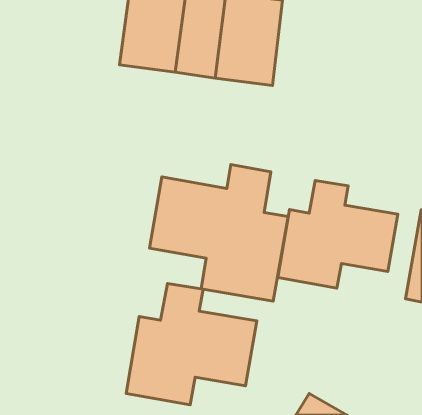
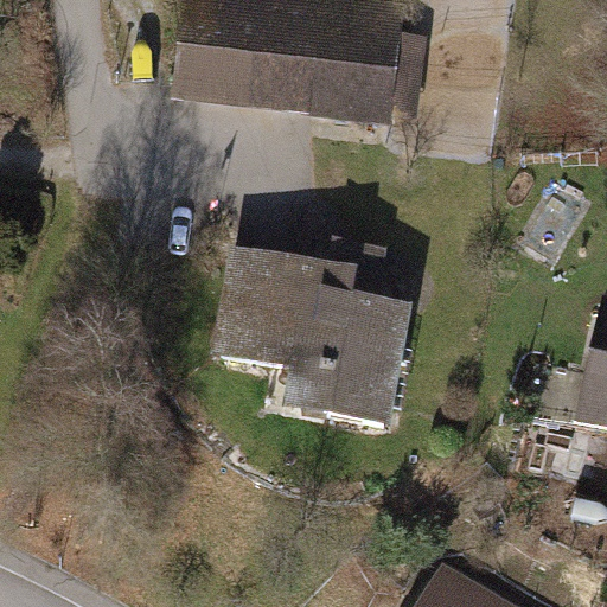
building: [278,181,398,288] -> none
building: [126,283,257,405] -> none

